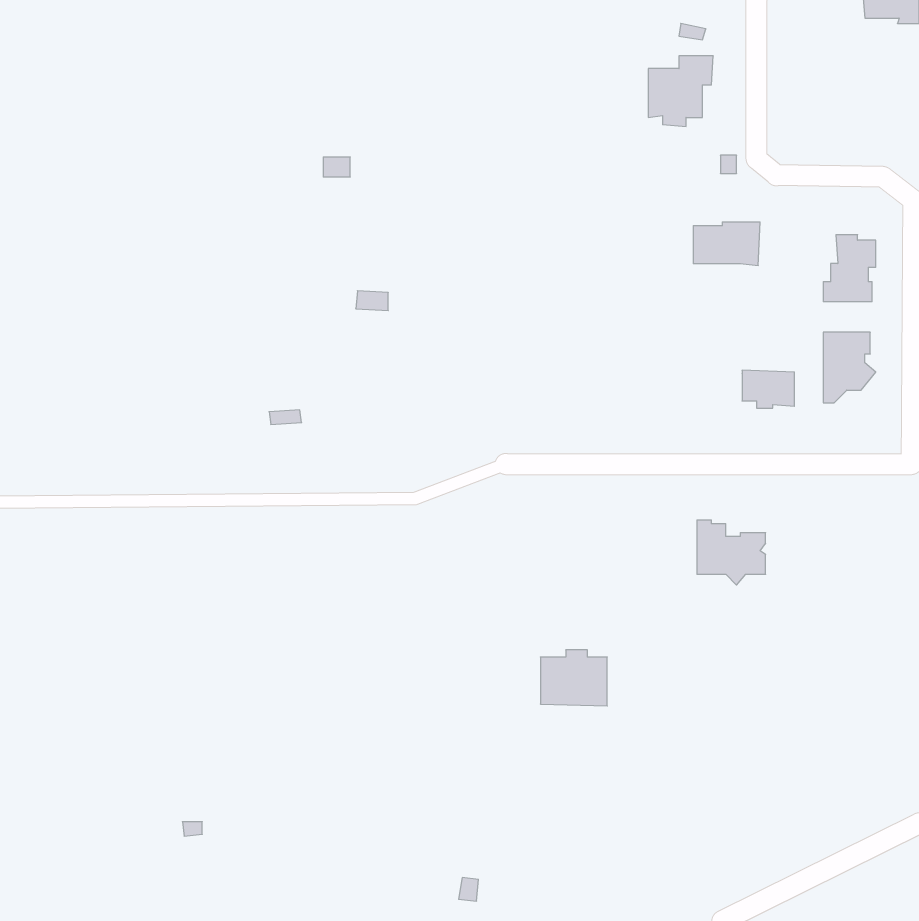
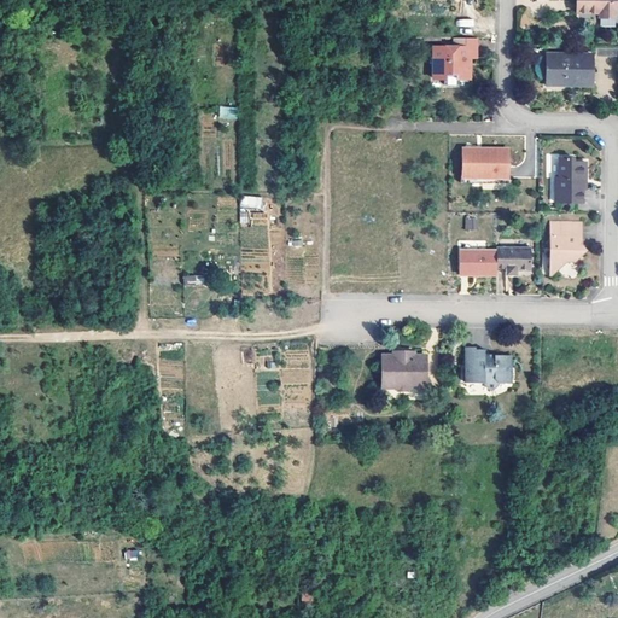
building: none -> [535,53,593,84]
building: none -> [459,250,496,275]
building: [540,650,607,706] -> [383,352,427,390]

